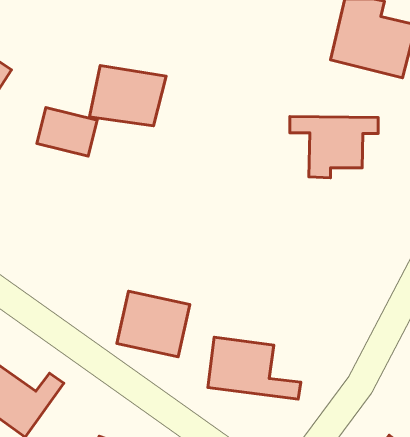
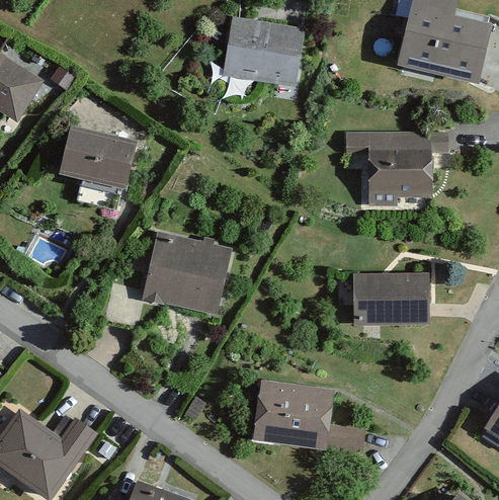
building: [89,65,166,126] -> [214,16,300,84]
building: none -> [359,276,426,319]
building: [117,291,190,357] -> [145,236,227,310]

